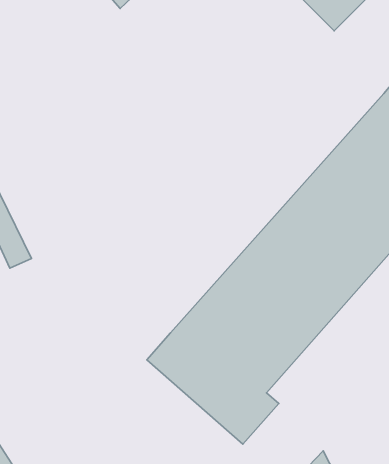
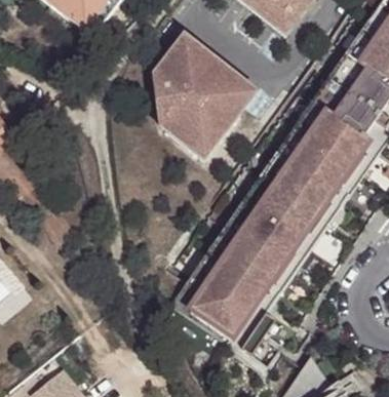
building: none -> [155,35,257,160]

